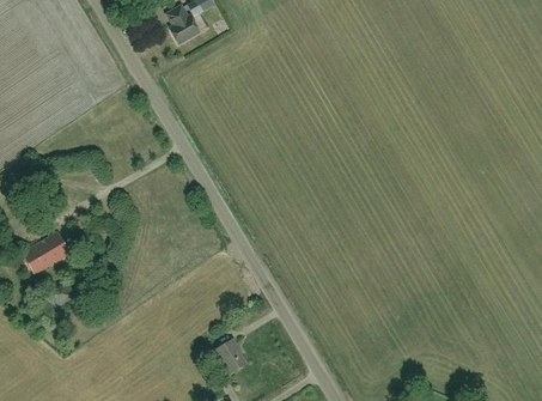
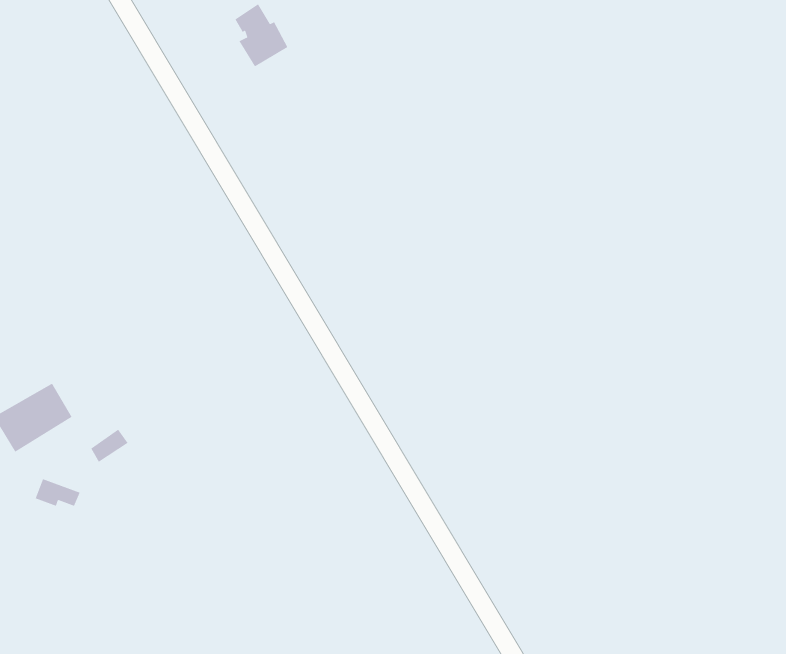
building: [215,339,245,373] -> none

